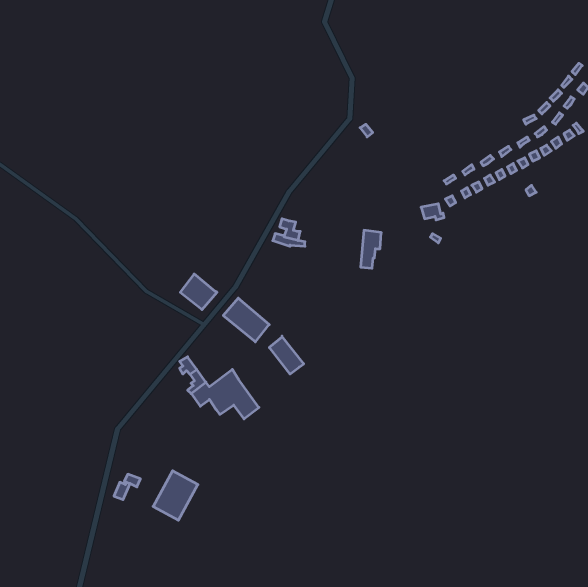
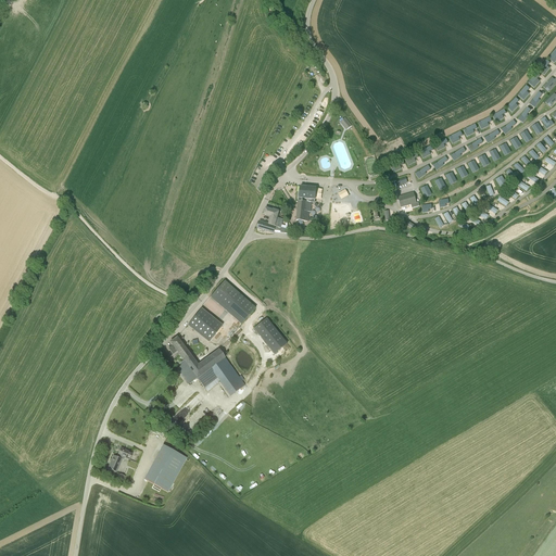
building: [361,230,381,268] -> [296,185,316,220]
building: [180,274,217,310] -> [188,306,223,340]

